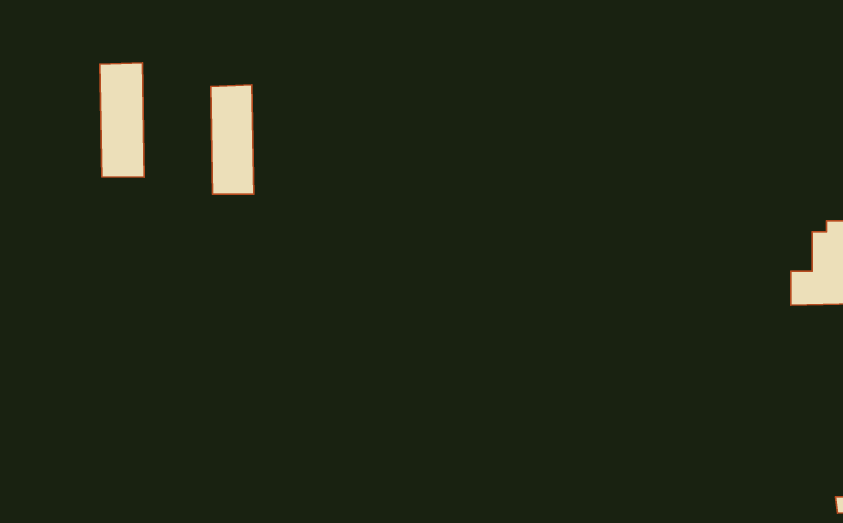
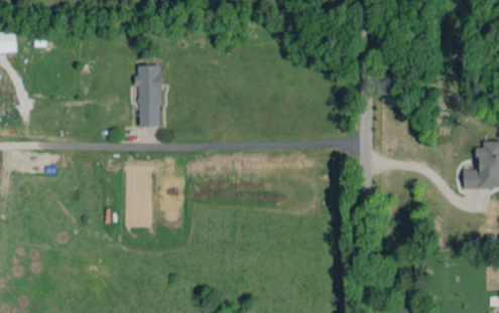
building: [100,63,144,177] -> none

